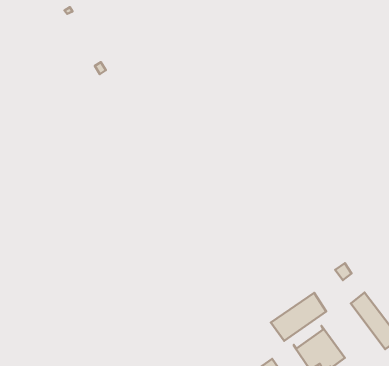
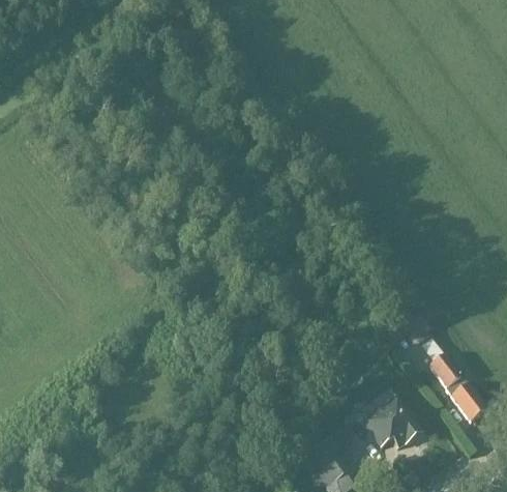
building: [271,293,326,341] -> none

